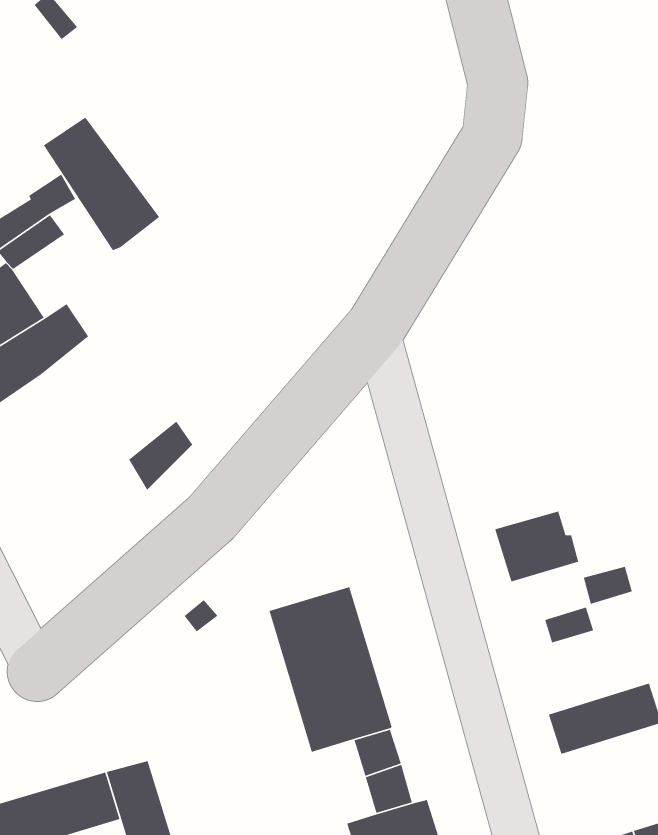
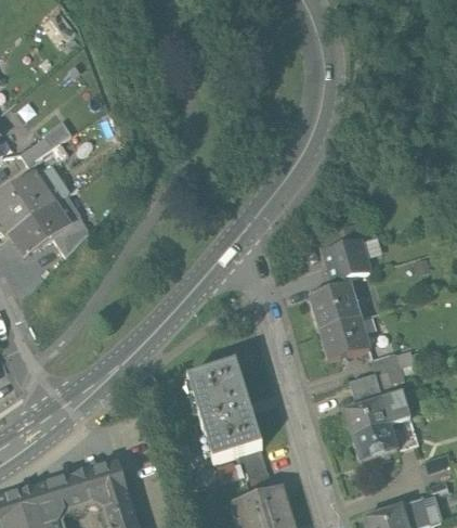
building: [43,116,160,251] -> none
building: none -> [323,237,368,279]
building: [128,421,193,491] -> [54,216,92,257]
building: none -> [309,282,357,329]
building: none -> [342,391,410,437]

